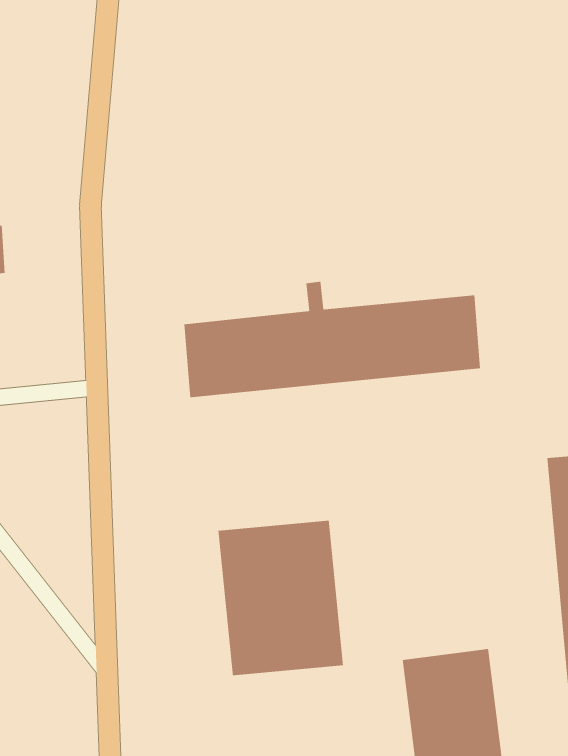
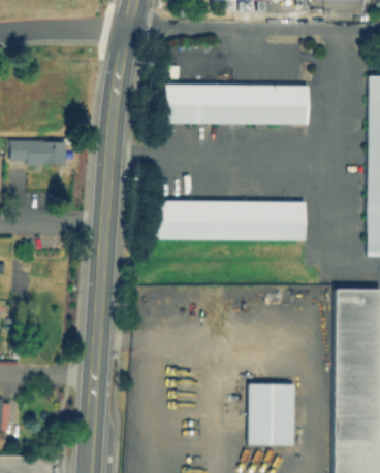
building: none -> [166,85,311,124]
building: [218,520,344,676] -> none

